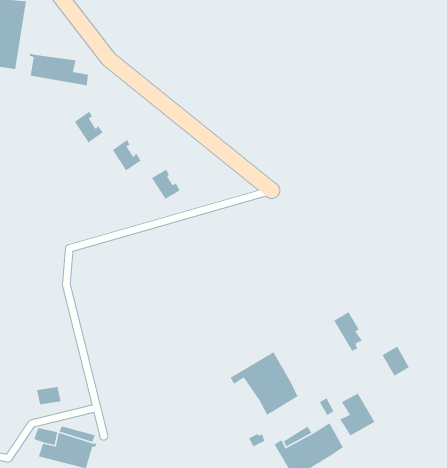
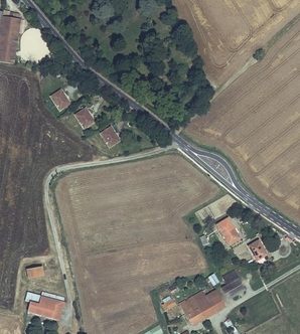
building: [29,52,89,86] -> none
building: [229,351,299,416] -> none

